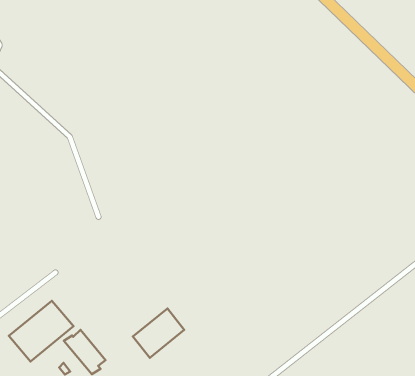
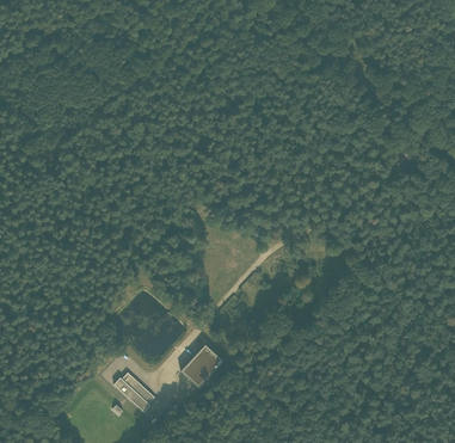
building: [9,301,74,361] -> none

